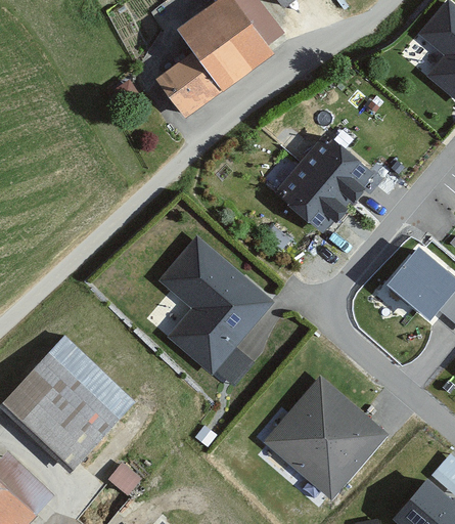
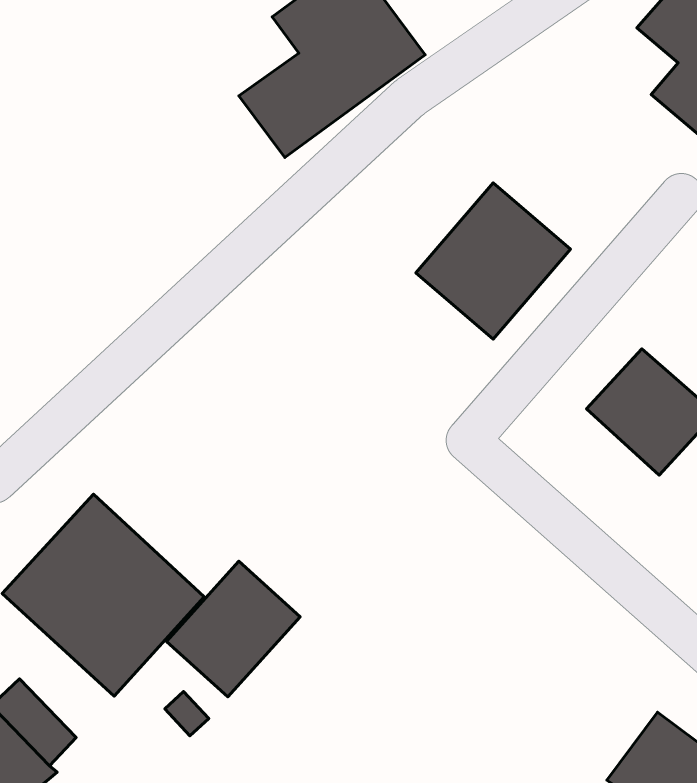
building: [157,238,269,395] -> none
building: [263,372,391,498] -> none
building: none -> [167,561,300,697]

